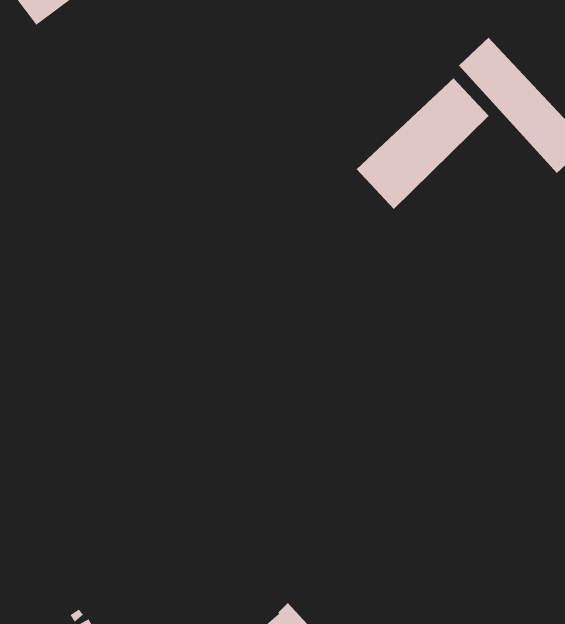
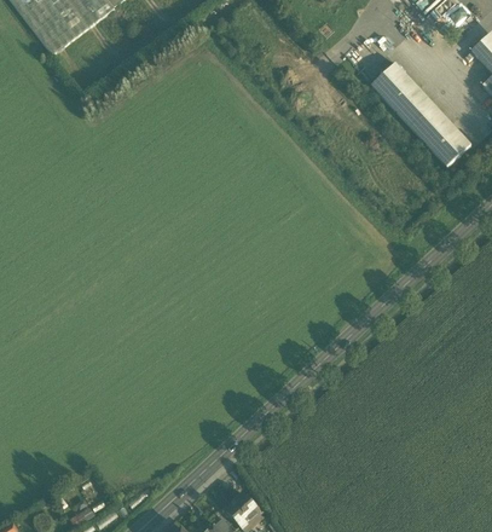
building: [356,77,489,210] -> none

